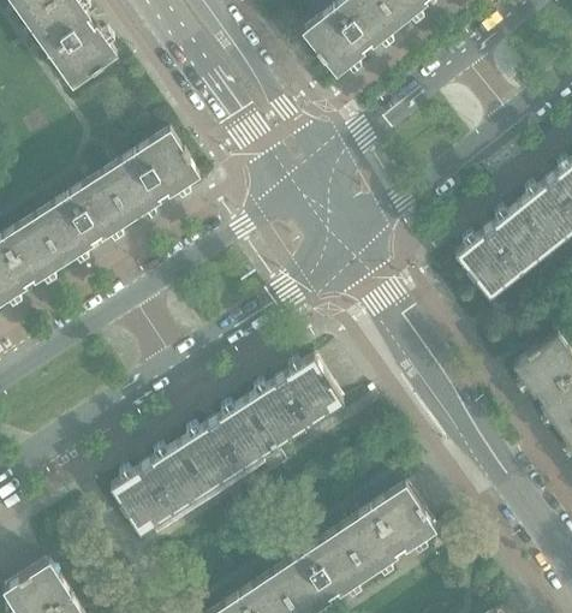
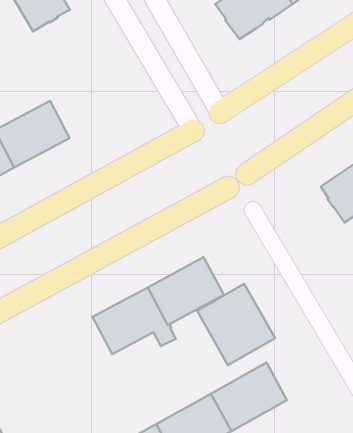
building: [102,131,199,221] -> none
building: none -> [197,284,275,365]
building: [111,446,208,535] -> none

